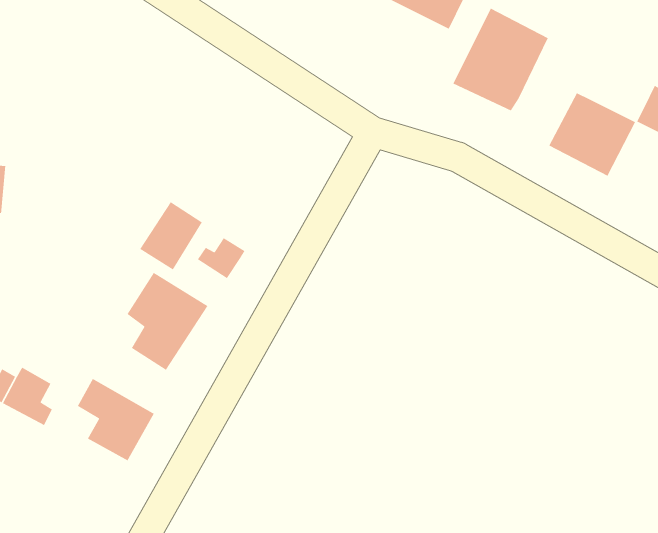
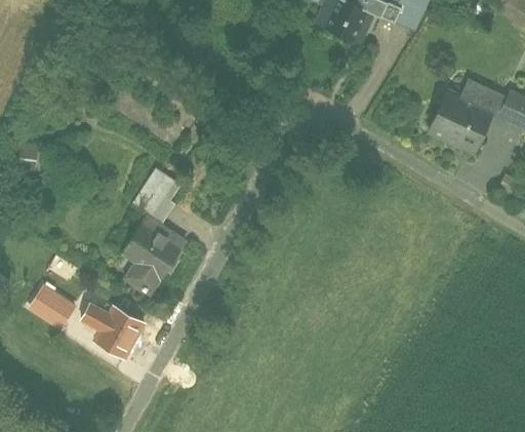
building: [452,8,549,111] -> none
building: none -> [460,78,502,113]
building: [197,237,246,279] -> none

